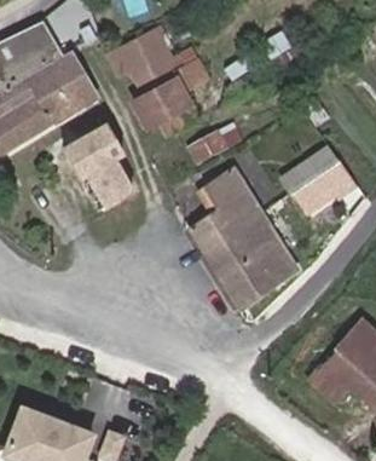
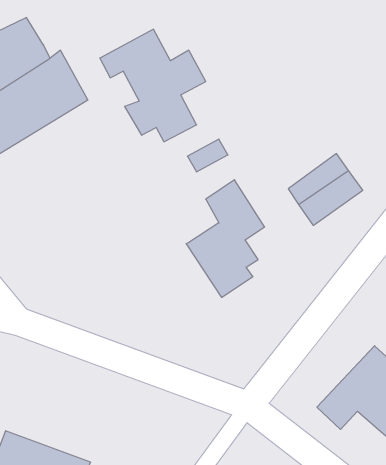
building: [63,126,132,206] -> none
building: [220,213,295,310] -> none

